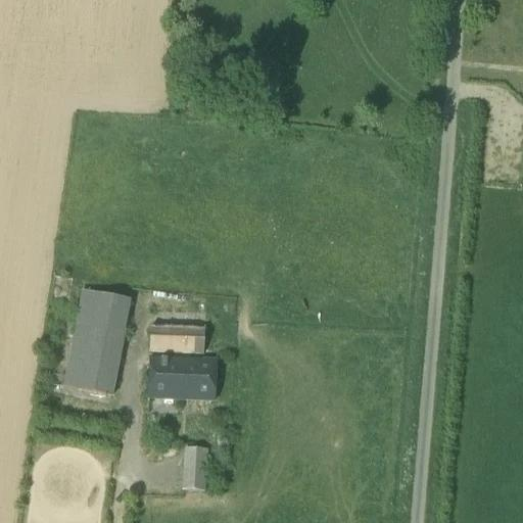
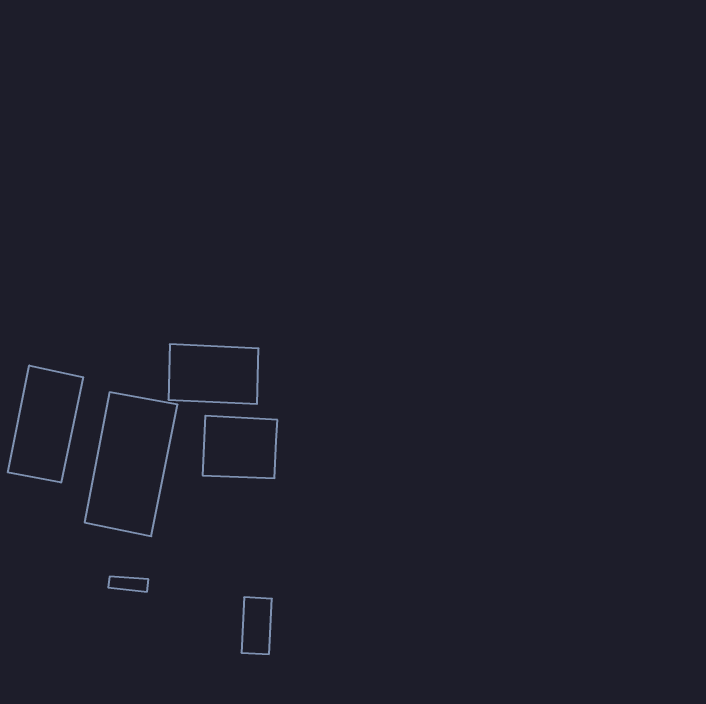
building: none -> [8,365,83,483]
building: [150,355,217,399] -> [168,344,259,404]

